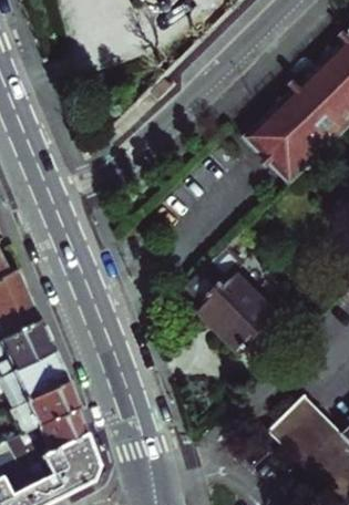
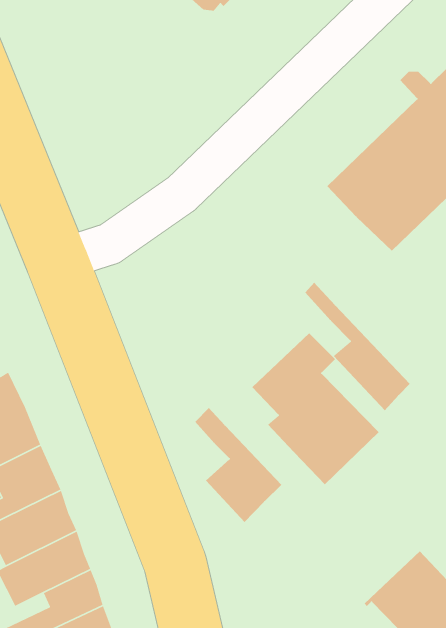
building: none -> [304,282,411,411]
building: none -> [194,407,282,523]

